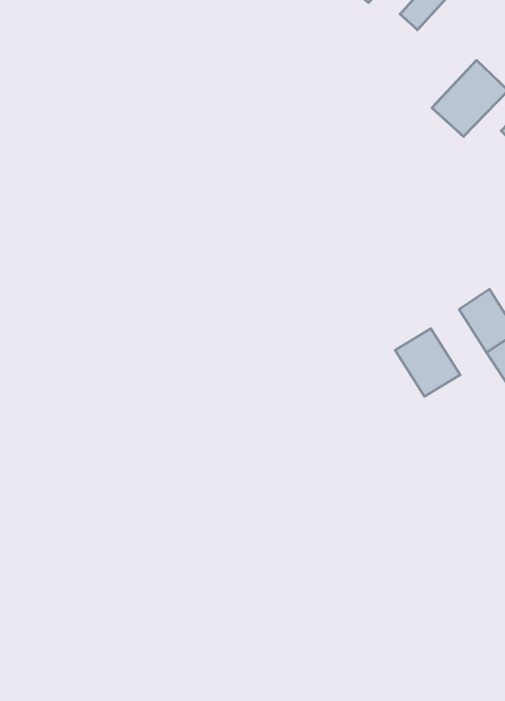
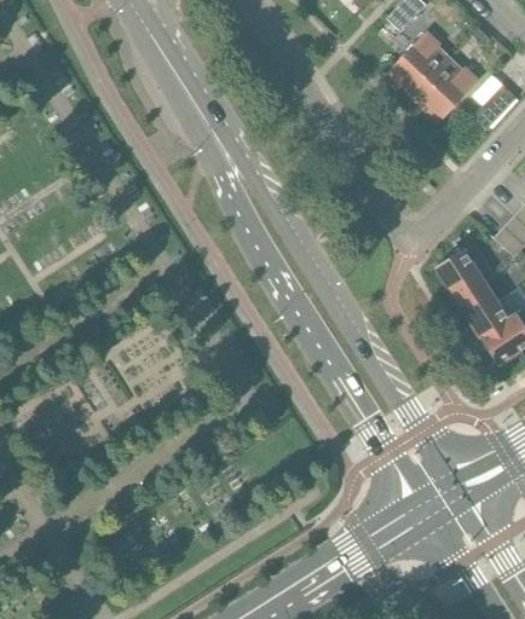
building: none -> [388,31,451,96]
building: [395,329,460,396] -> none

